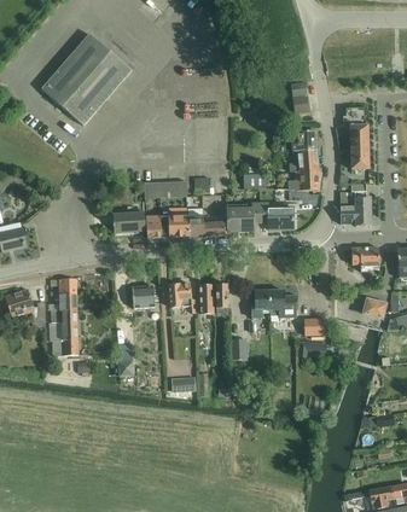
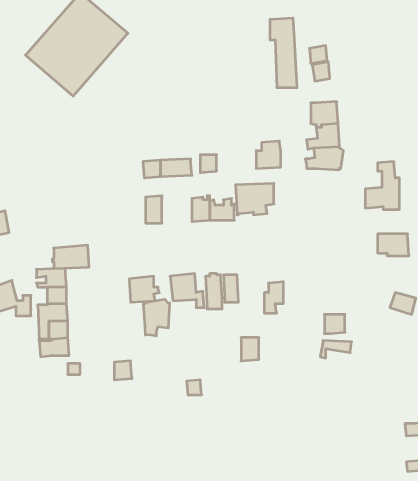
building: [345,107,370,169] -> [270,18,297,88]
building: [260,203,293,229] -> none
building: [112,211,145,232] -> [52,245,89,268]
building: [161,214,187,238] -> none
building: [268,290,296,316] -> none
building: none -> [144,299,170,336]

